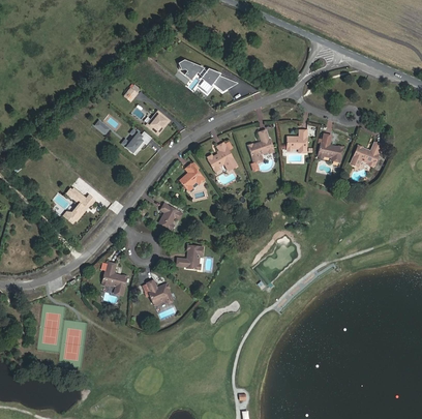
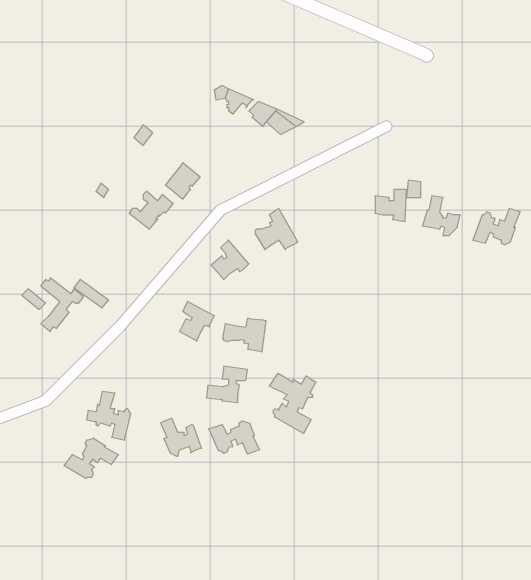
building: [248,129,273,161] -> none
building: none -> [223,318,266,352]
building: none -> [269,373,316,433]
building: none -> [209,421,259,454]
building: none -> [64,438,118,478]

